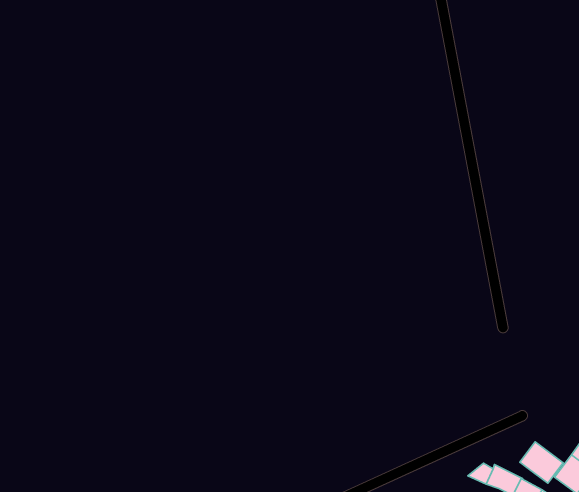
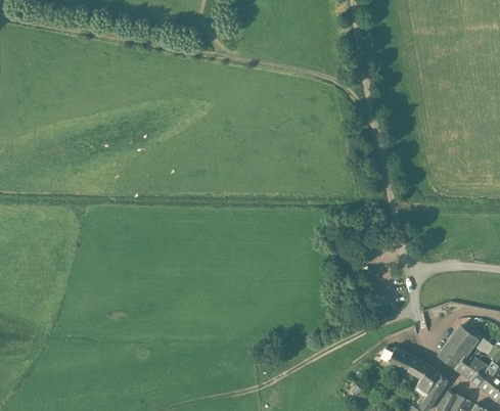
building: [520,442,563,483] -> none

